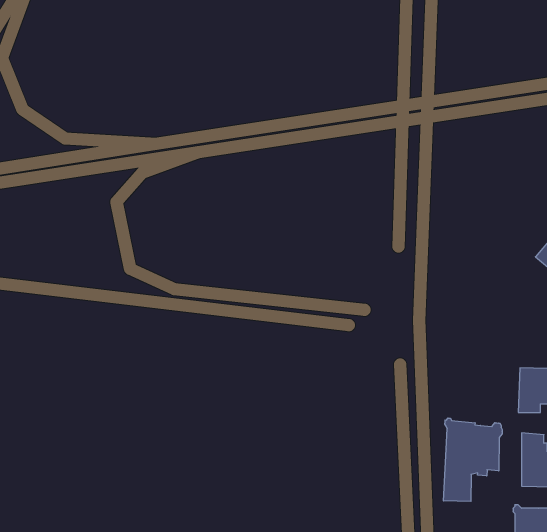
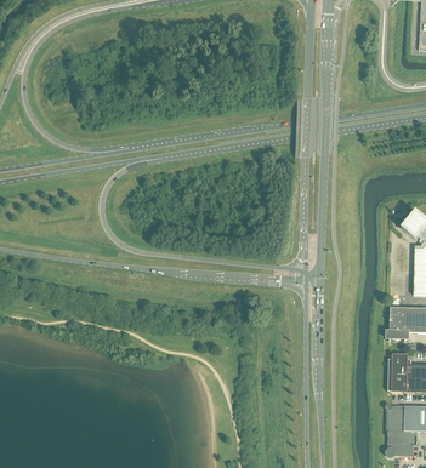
building: [444,418,502,501] -> none

